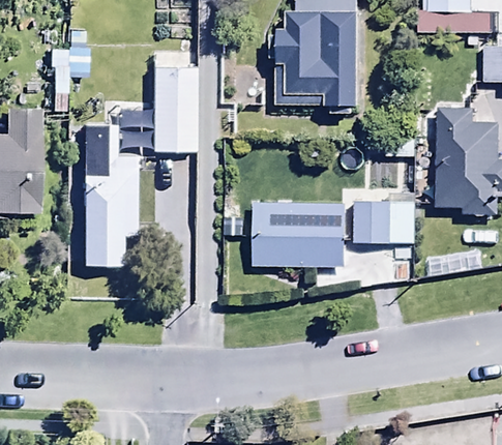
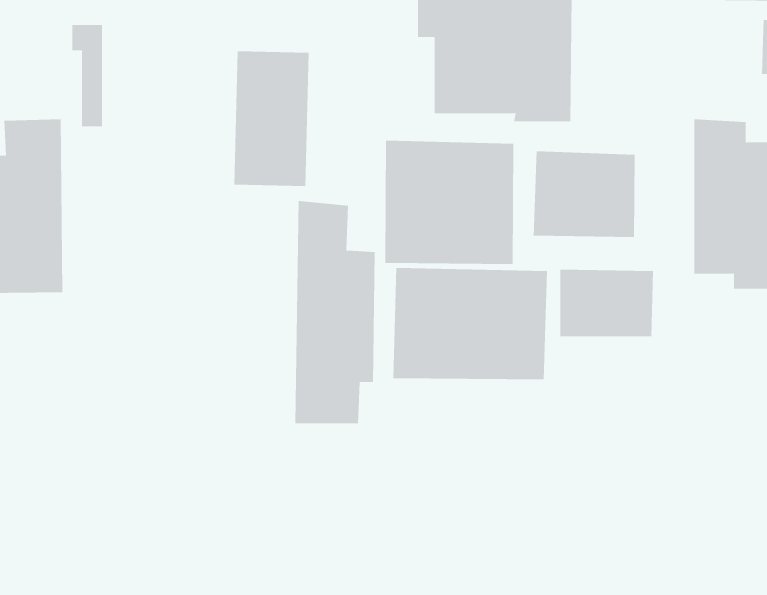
building: none -> [385,140,514,265]
building: [83,122,134,262] -> [294,201,375,424]
building: none -> [533,150,635,238]

